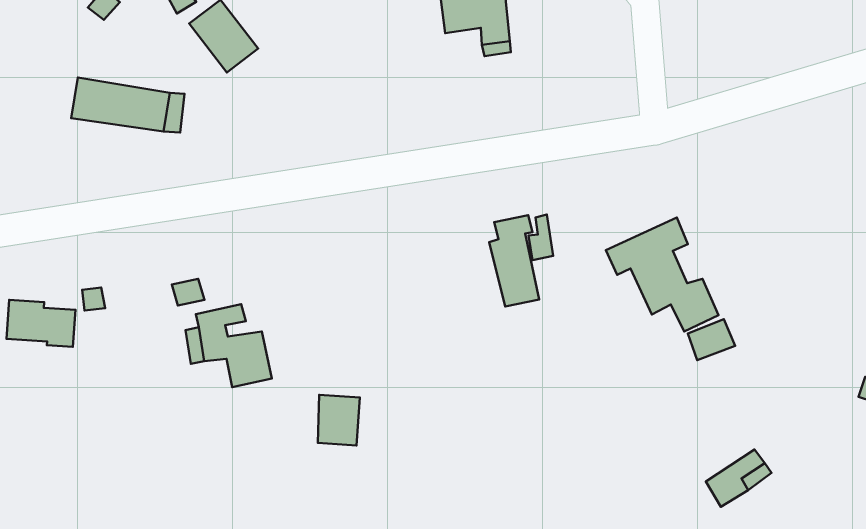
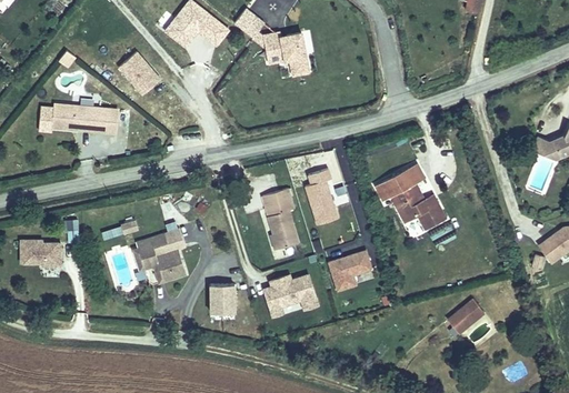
building: none -> [262,188,298,248]
building: none -> [329,251,376,291]
building: none -> [266,275,319,316]

